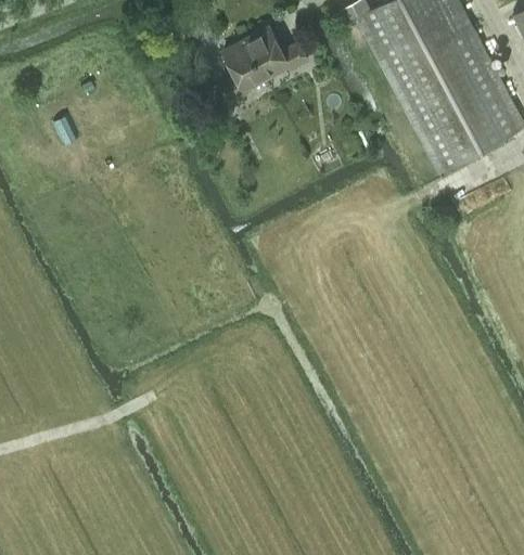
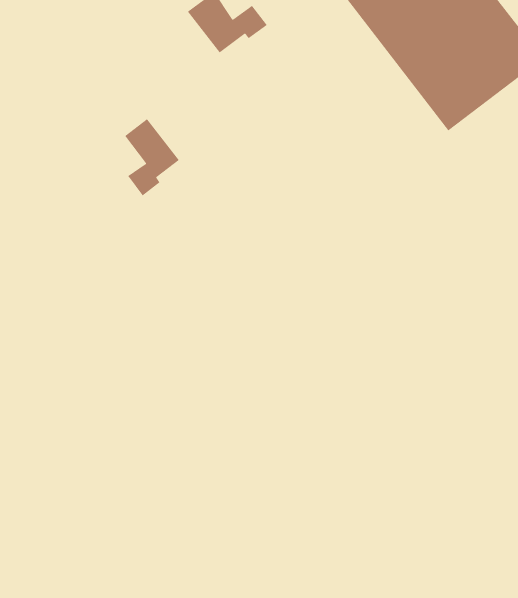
building: [221,39,266,101] -> [124,118,180,196]

